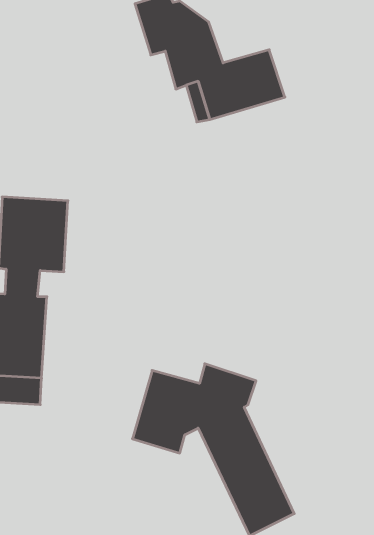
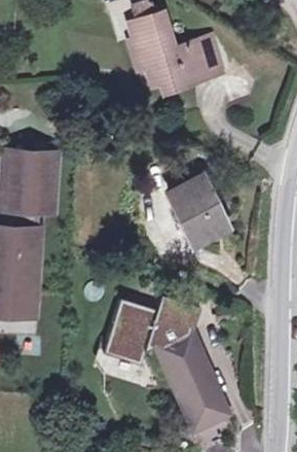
building: none -> [171,183,229,251]

